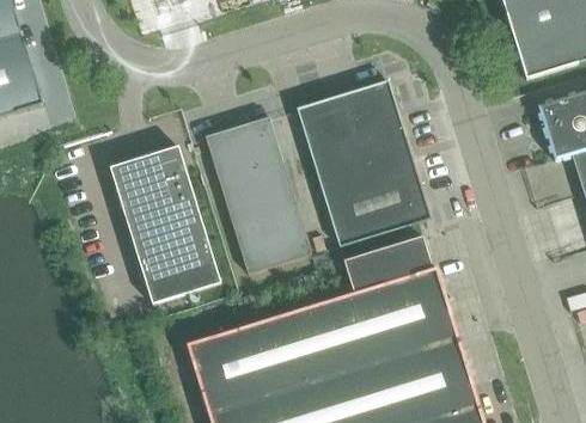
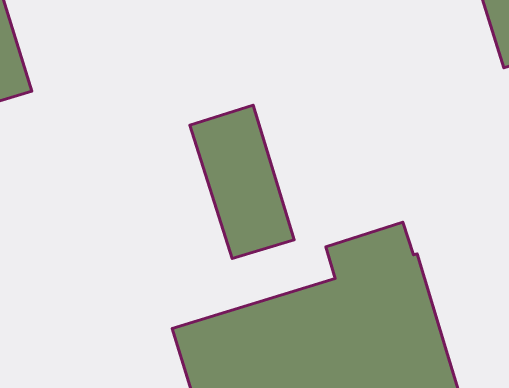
building: [298,80,432,247] -> none
building: [111,147,221,305] -> none

